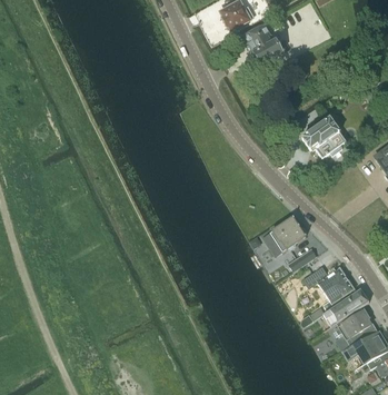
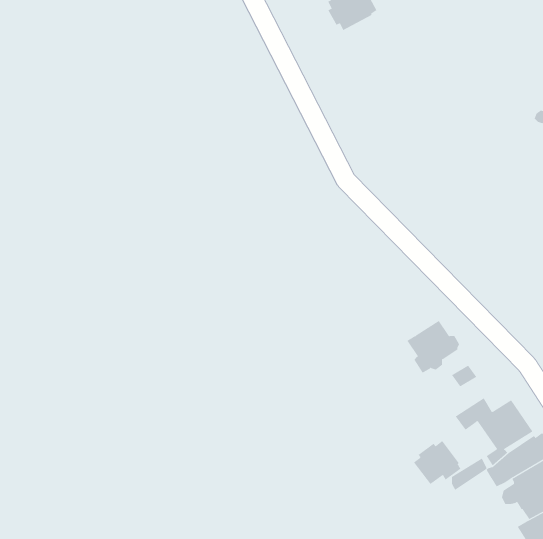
building: [245,24,280,67] -> none
building: [301,117,345,157] -> none
building: none -> [413,440,461,485]

